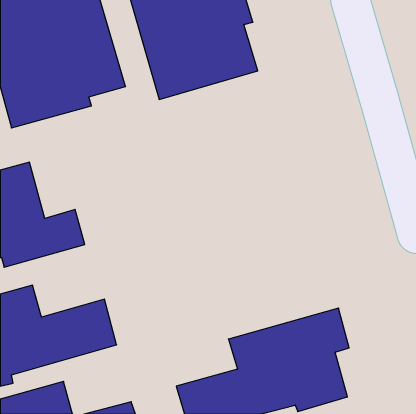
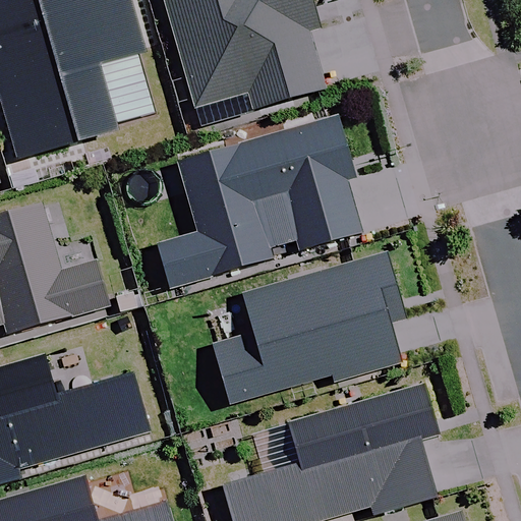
building: none -> [157,117,359,287]
building: none -> [213,251,403,403]

